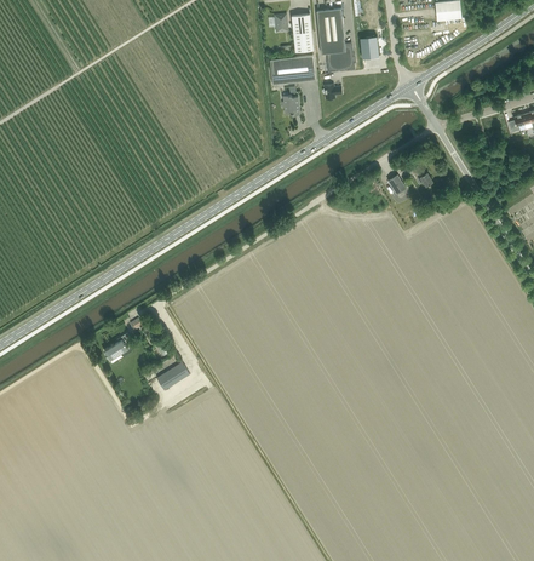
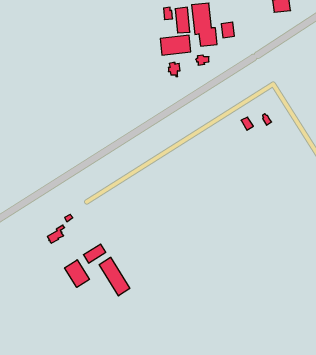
building: none -> [99,257,130,296]
building: none -> [65,260,89,287]

